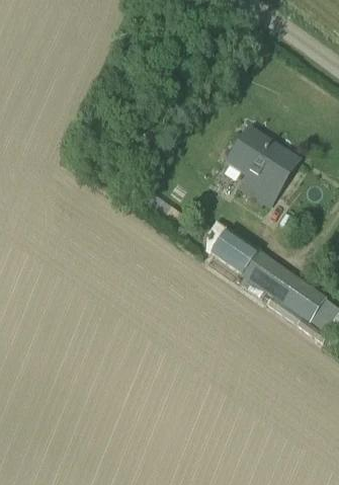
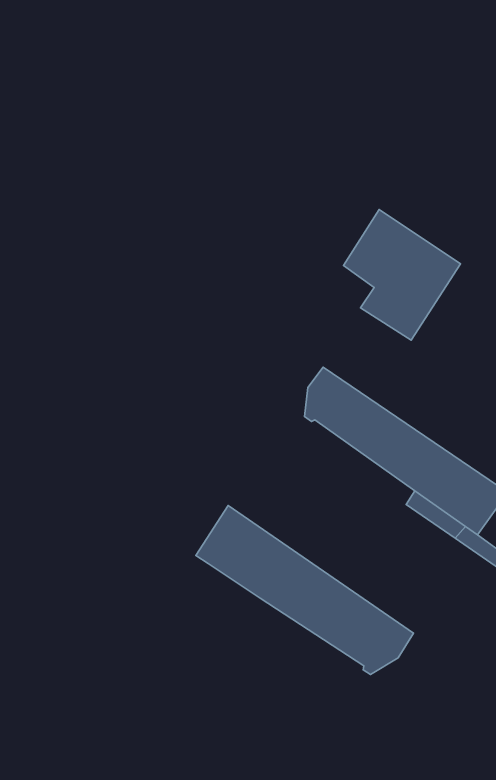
building: none -> [196,506,414,674]

